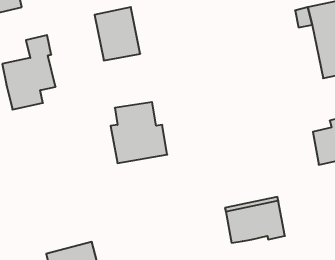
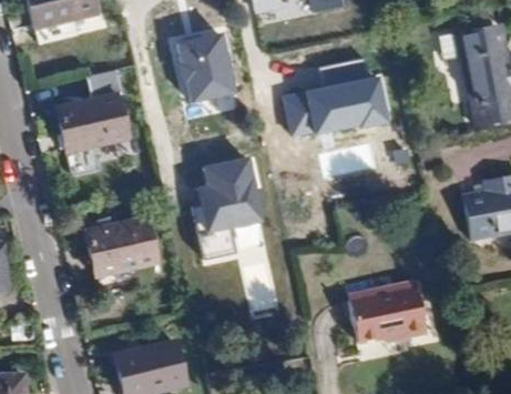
building: none -> [283,59,392,133]
building: none -> [85,218,154,289]

